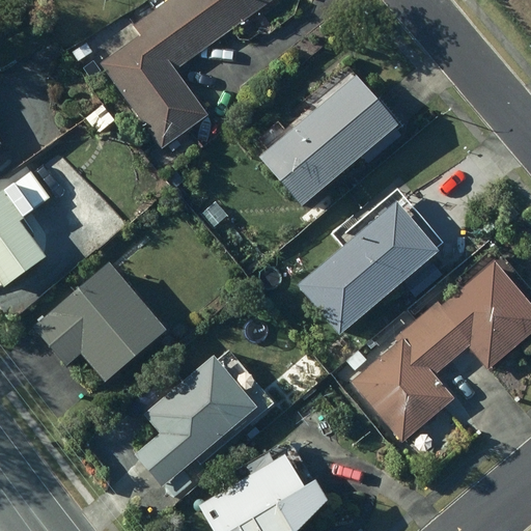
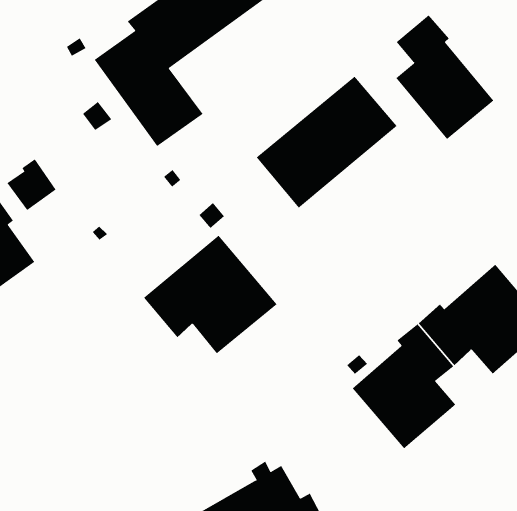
building: none -> [395,14,494,140]
building: [299,202,438,335] -> none
building: [34,264,165,381] -> [143,235,277,354]
building: [136,356,256,485] -> none

